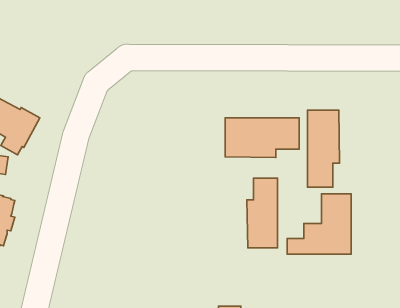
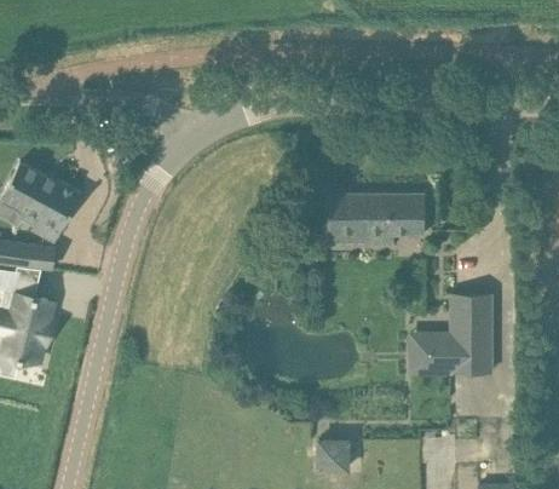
building: [307,110,340,187] -> none
building: [247,178,278,248] -> none

